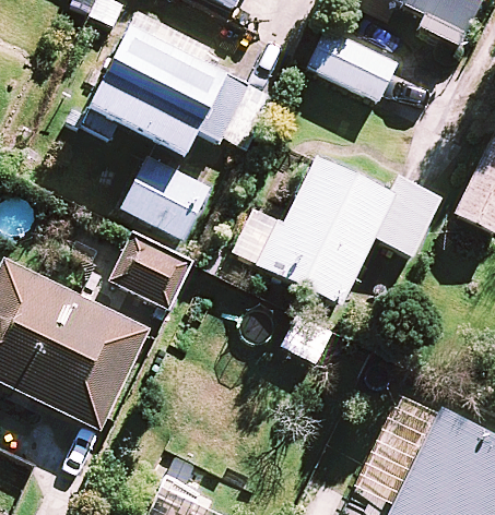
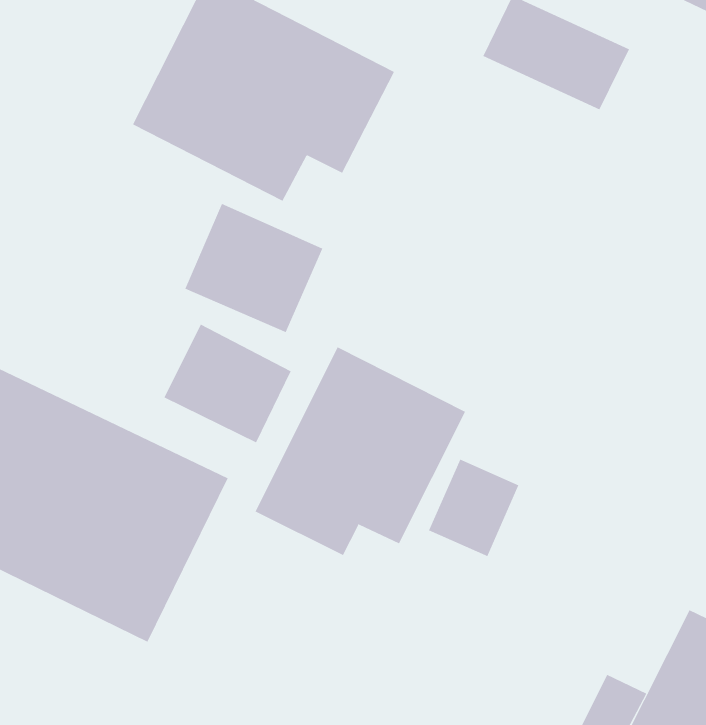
building: [235,158,439,303] -> none
building: none -> [255,346,466,556]

